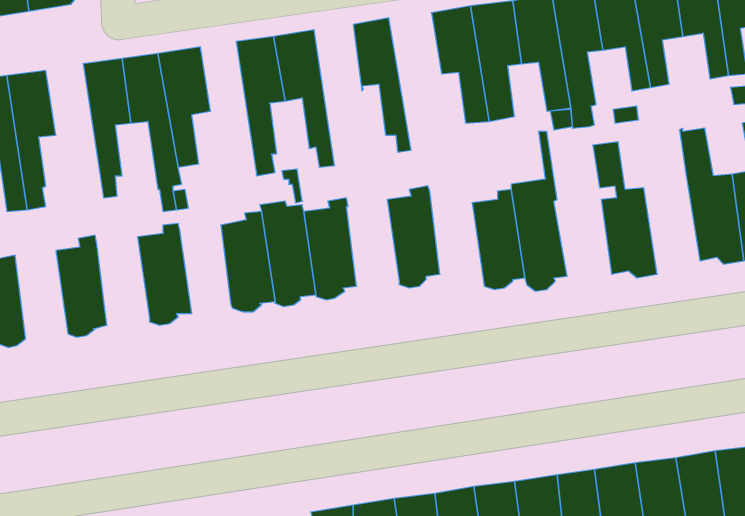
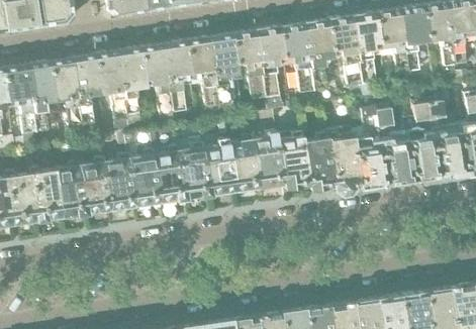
building: none -> [254,27,285,109]
building: none -> [209,34,237,118]
building: none -> [141,44,175,125]
building: none -> [50,58,84,138]
building: none -> [405,97,439,183]
building: none -> [352,106,386,190]
building: none -> [278,130,309,191]
building: none -> [228,134,260,194]
building: none -> [129,149,160,209]
building: none -> [27,151,63,222]
building: none -> [80,156,111,217]

